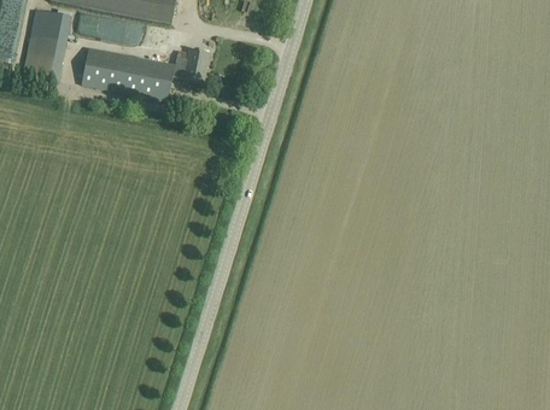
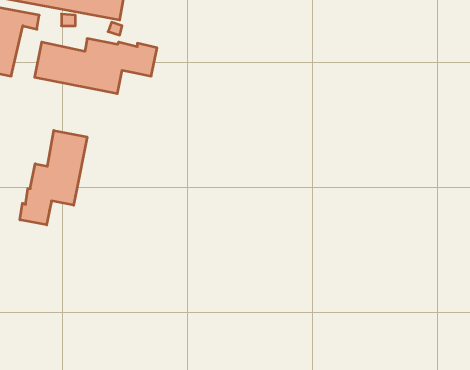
building: none -> [20,130,87,225]

